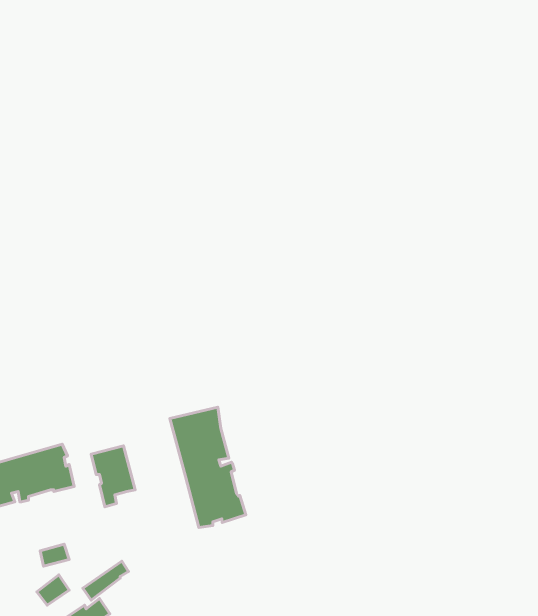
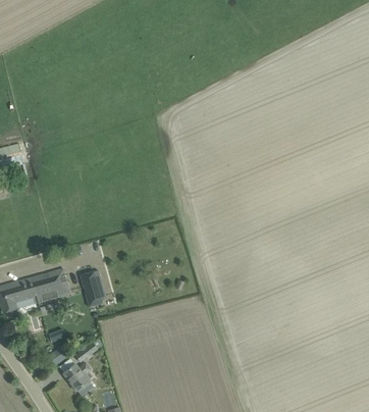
building: [170,407,246,528] -> none

